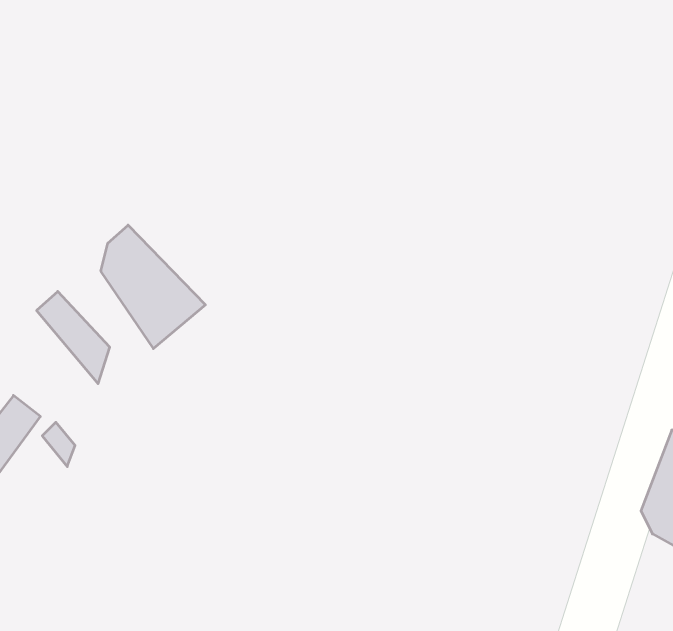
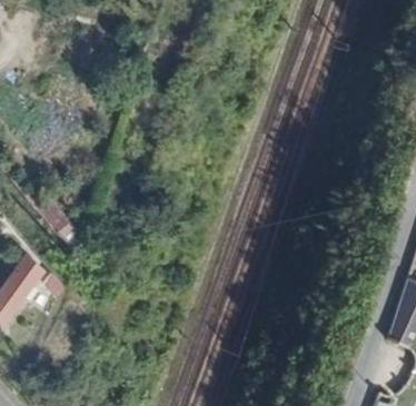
building: [101,225,205,349] -> none

